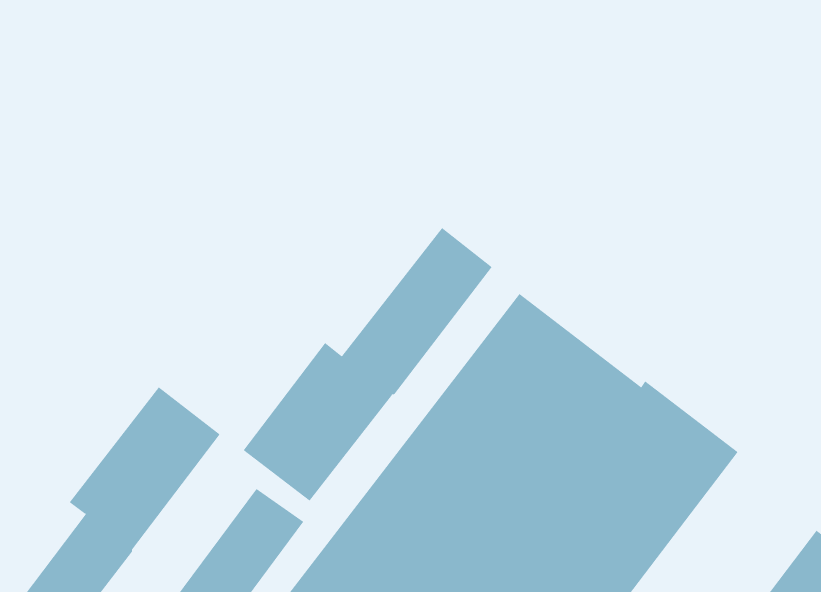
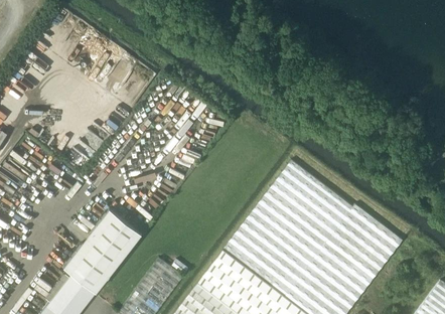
building: [243,227,493,501] -> none

